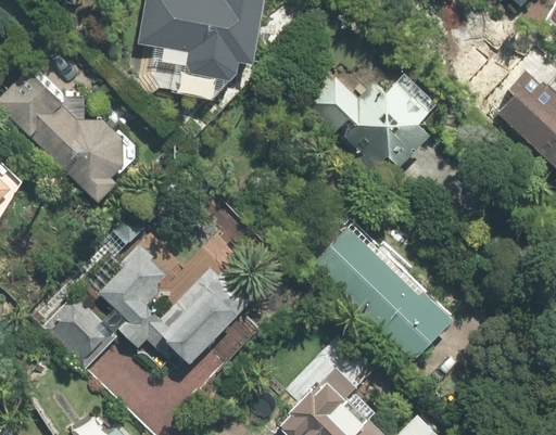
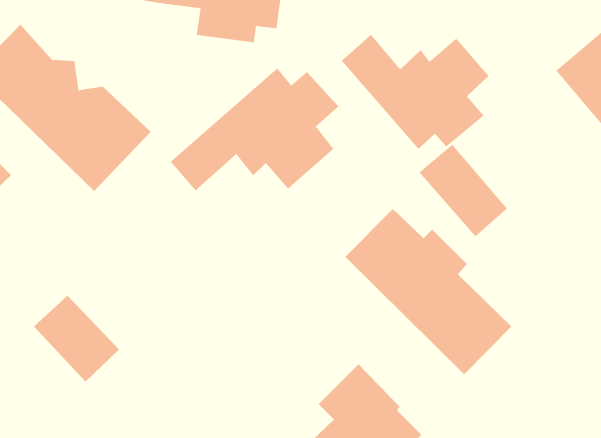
building: none -> [170,68,339,191]
building: none -> [419,144,508,237]
building: [98,250,252,374] -> none

